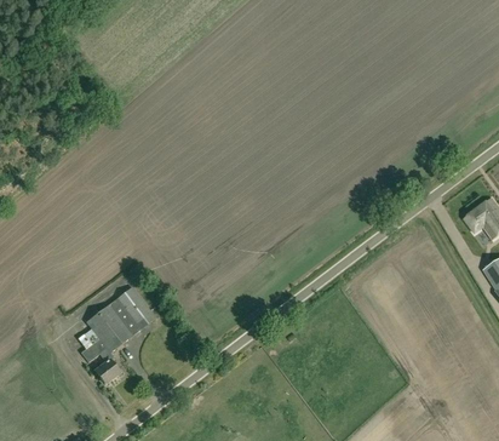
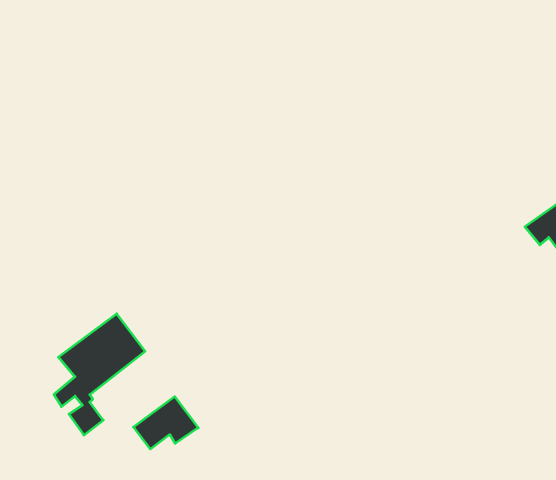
building: none -> [133,397,198,449]

